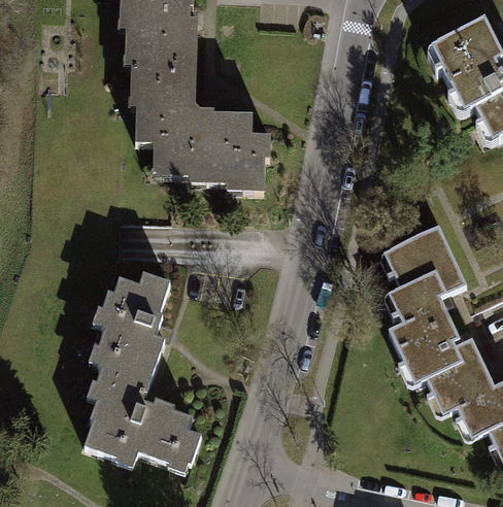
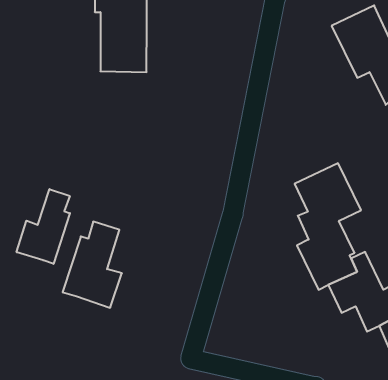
building: [136,99,267,191] -> none
building: none -> [17,189,70,264]
building: [95,381,191,471] -> none

